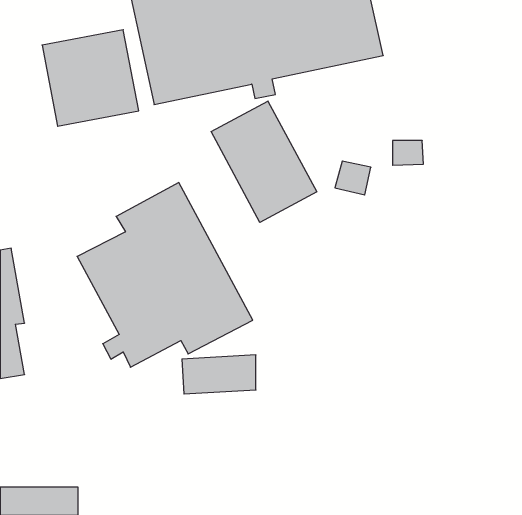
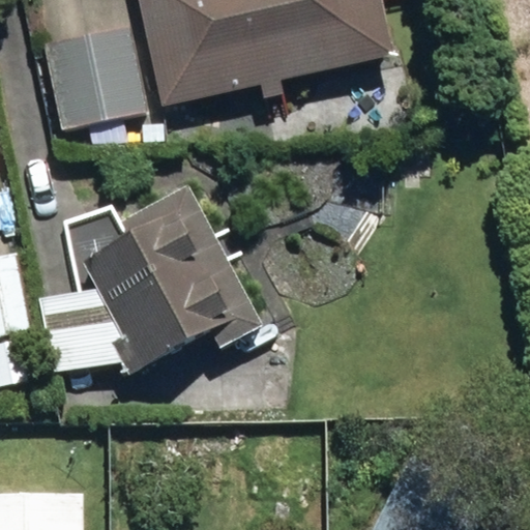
building: [211,101,317,222] -> none

